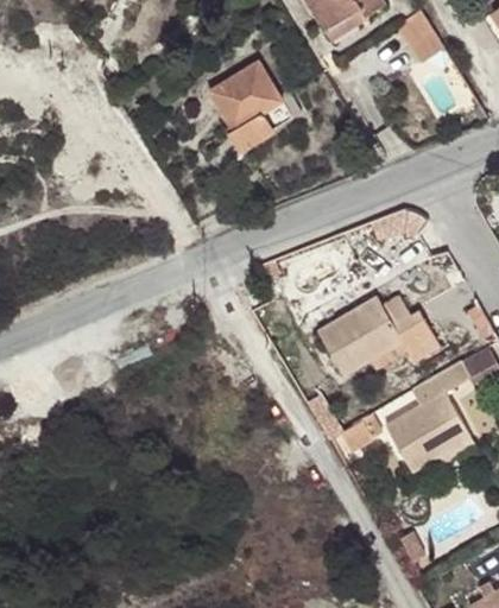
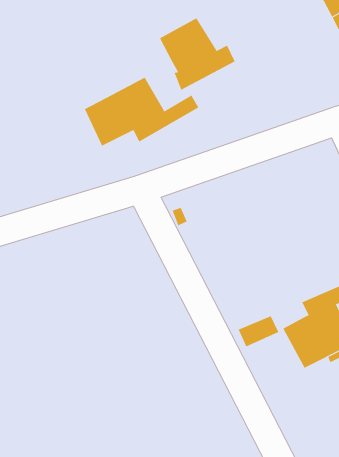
building: none -> [84,77,199,147]
building: [317,291,438,372] -> none

